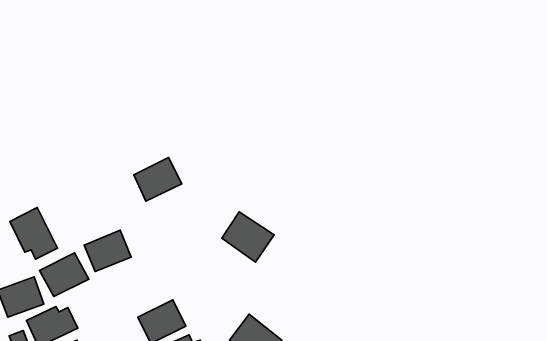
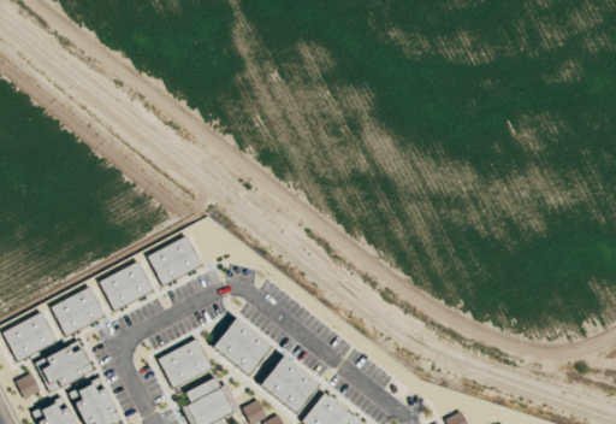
building: [134,158,182,201] -> [148,235,201,283]
building: [10,208,57,259] -> none
building: [222,212,274,262] -> [213,318,271,373]

